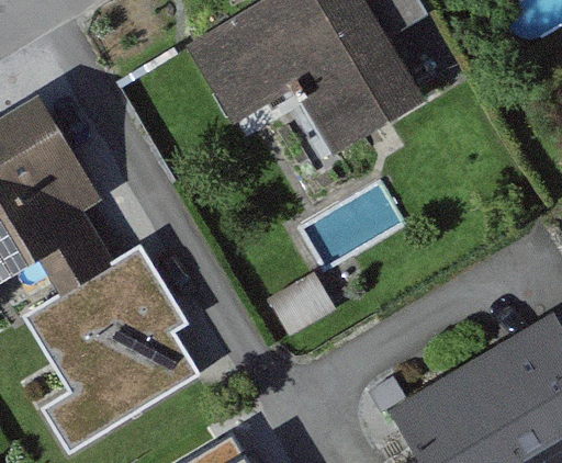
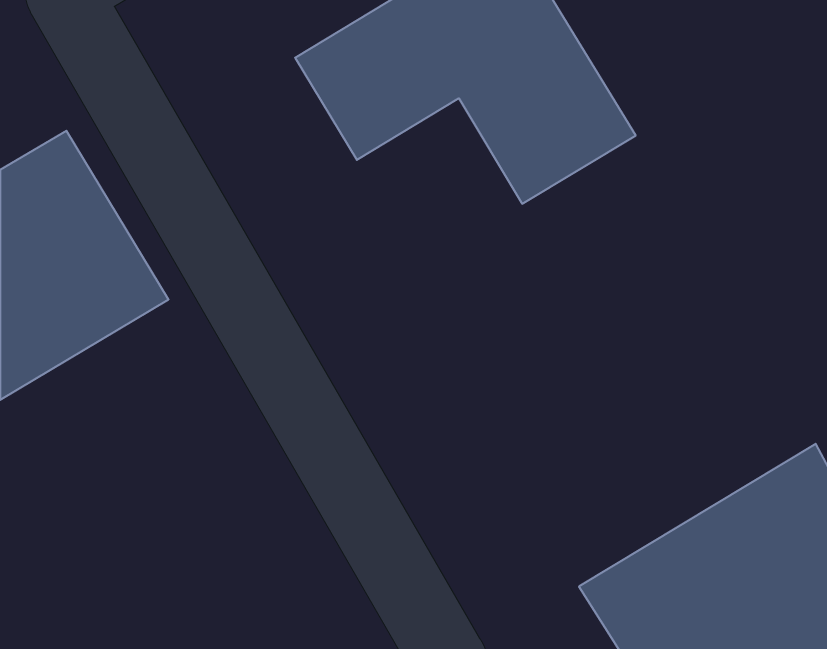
building: [15,240,187,448] -> none

